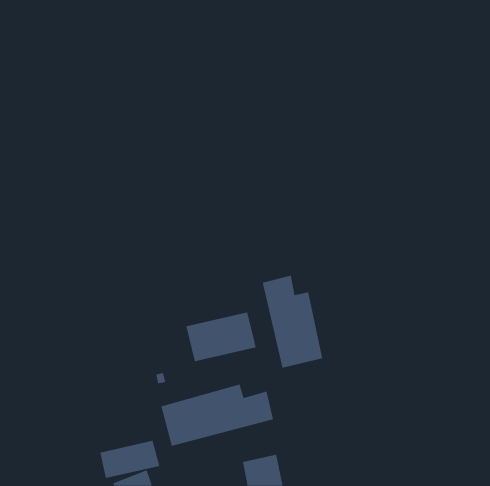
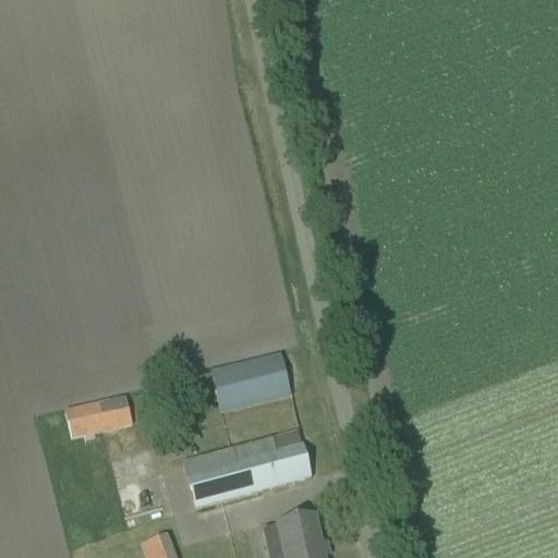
building: [262,275,323,368] -> none
building: [100,440,160,479] -> [64,393,133,437]

